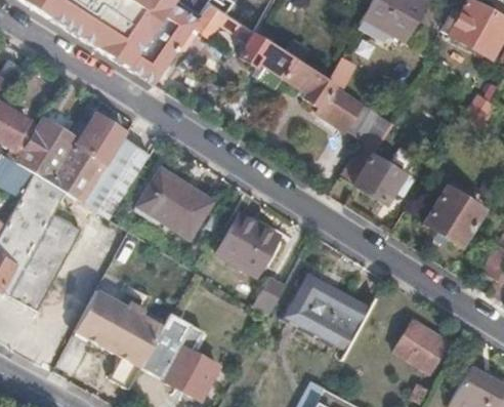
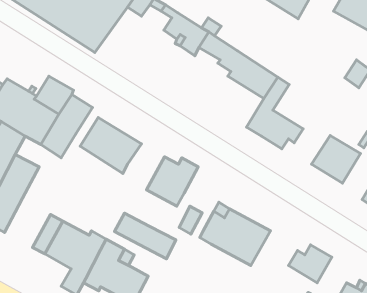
building: none -> [115,213,176,259]

